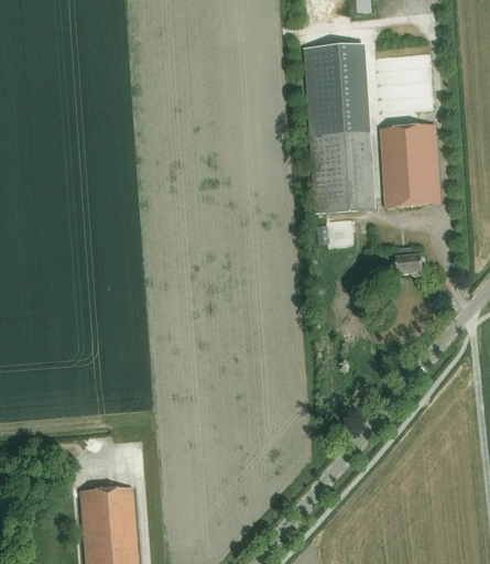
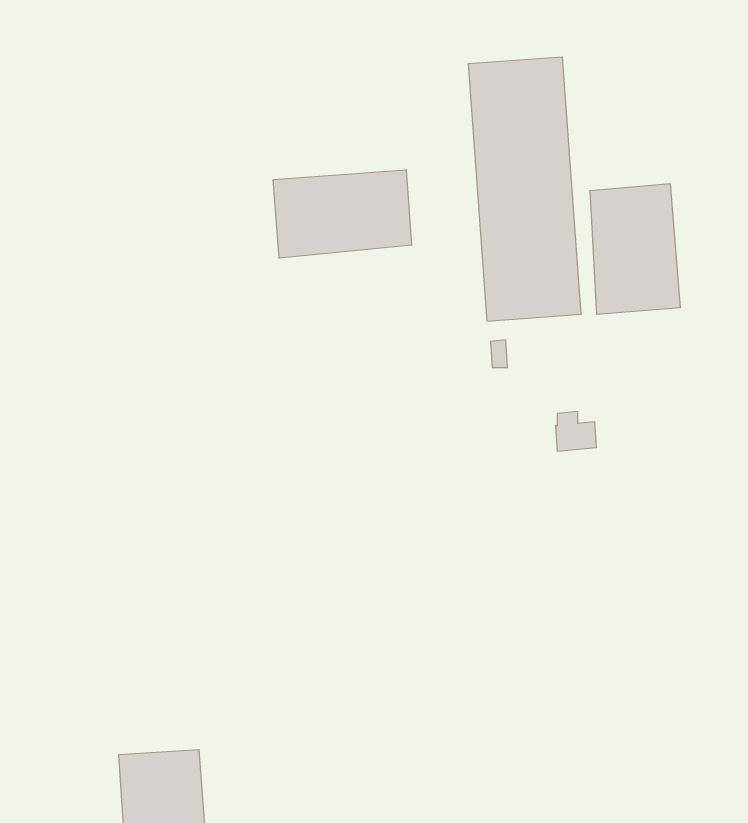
building: none -> [273,170,412,258]
building: [396,248,423,273] -> [556,412,597,451]

